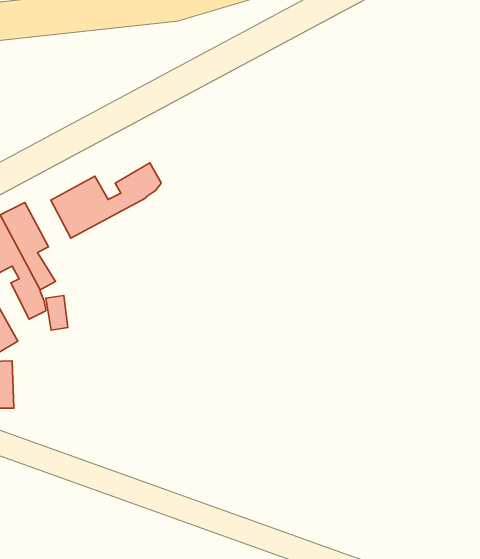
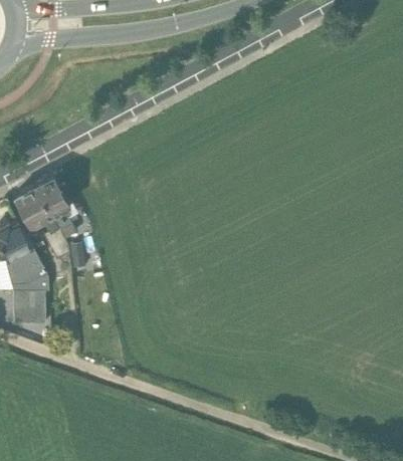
building: [51,163,161,238] -> none

